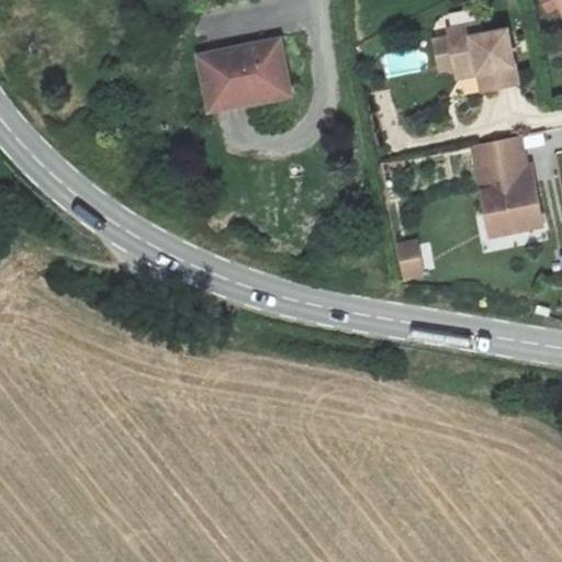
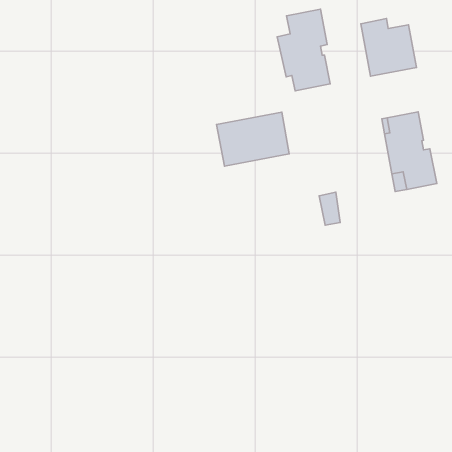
building: none -> [277,9,330,91]
building: [198,38,288,105] -> [216,112,289,166]

